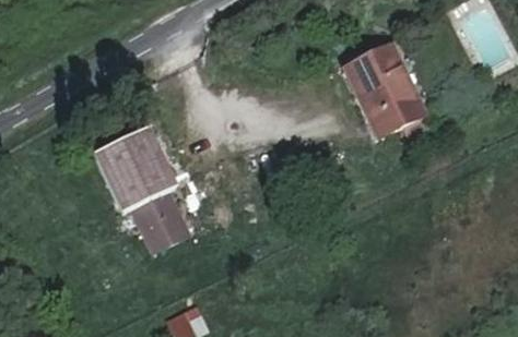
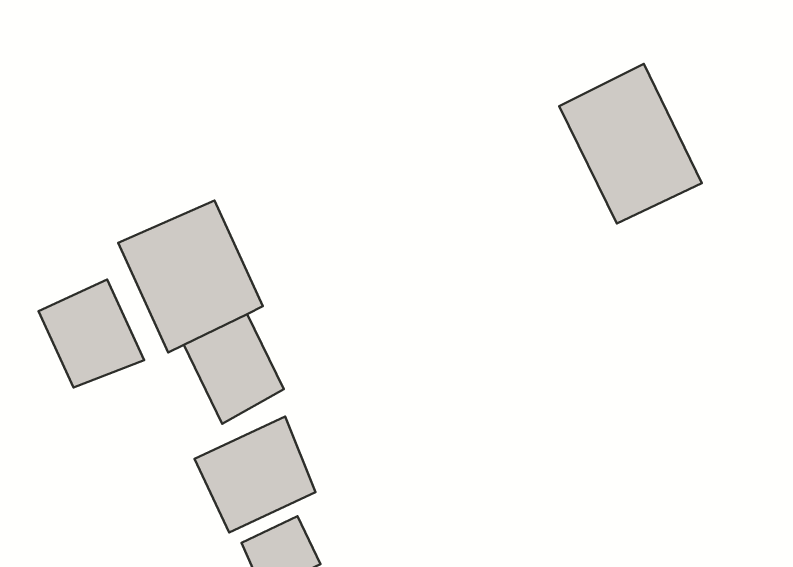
building: none -> [39,280,144,388]
building: none -> [194,416,315,532]

